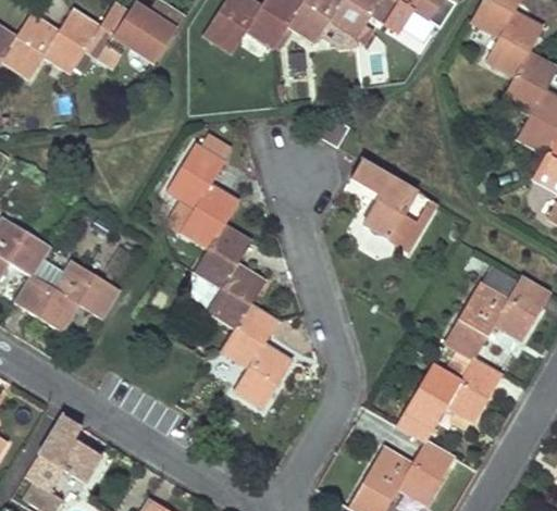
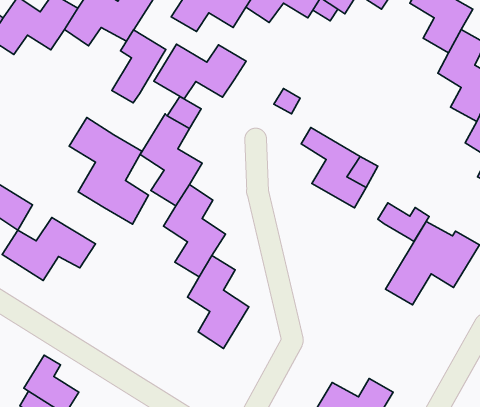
building: none -> [112,30,166,103]
building: none -> [154,44,246,99]
building: none -> [69,118,149,224]
building: none -> [378,203,429,242]
building: [396,359,500,441] -> none

